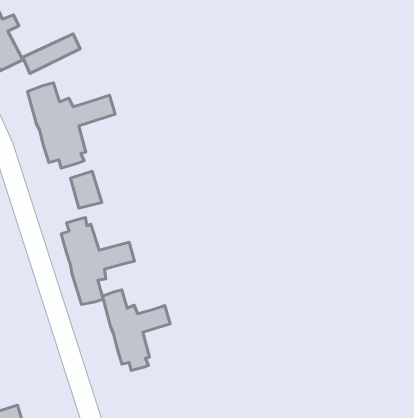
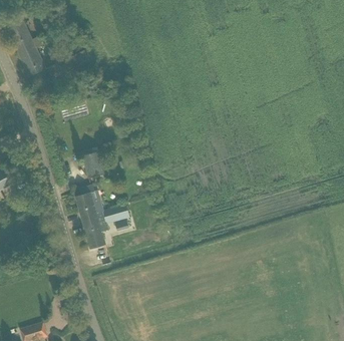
building: [27,83,115,168] -> none
building: [102,290,170,370] -> none

